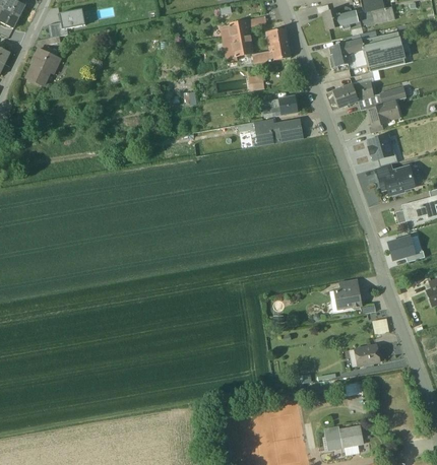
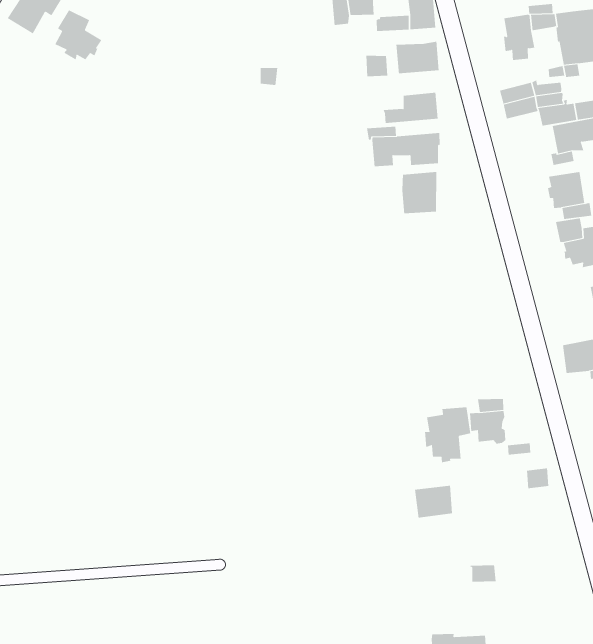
building: none -> [396,41,439,74]
building: none -> [55,9,102,60]
building: none -> [402,171,437,214]
building: none -> [425,407,471,463]
building: [354,344,379,367] -> [414,485,453,518]

